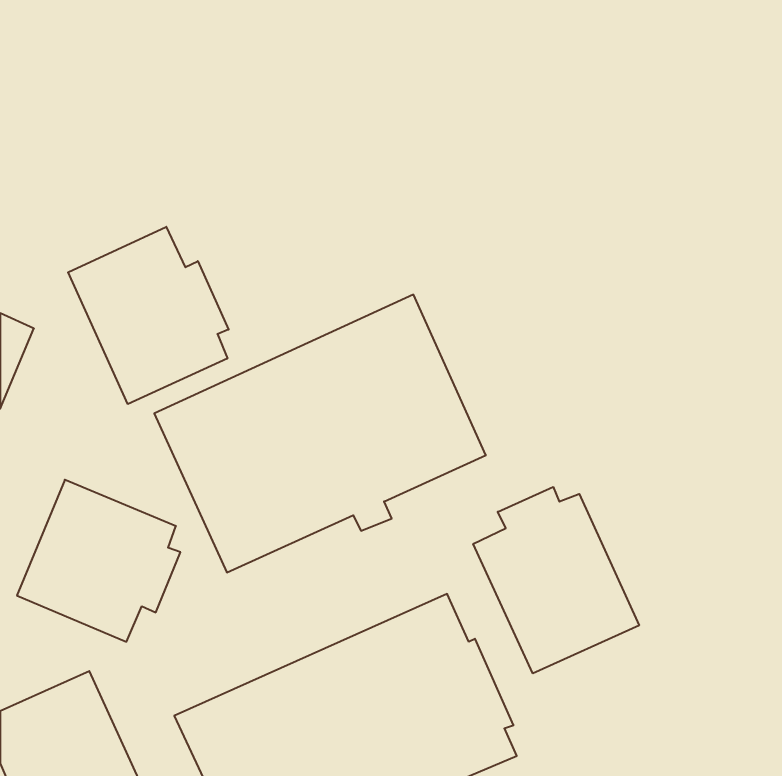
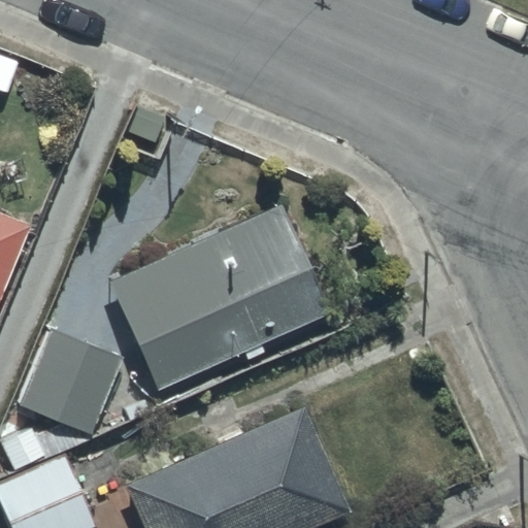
building: [68,227,229,404] -> none
building: [473,487,639,673] -> none

